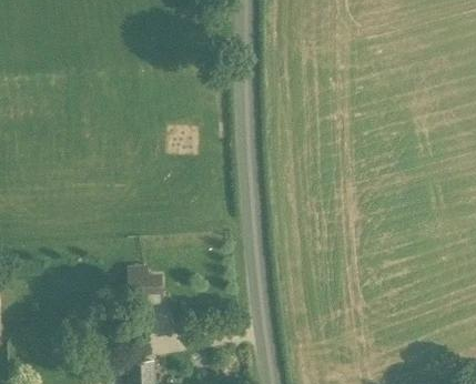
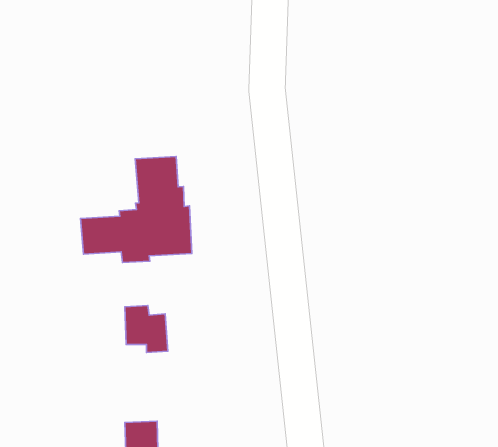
building: none -> [81,156,192,262]

